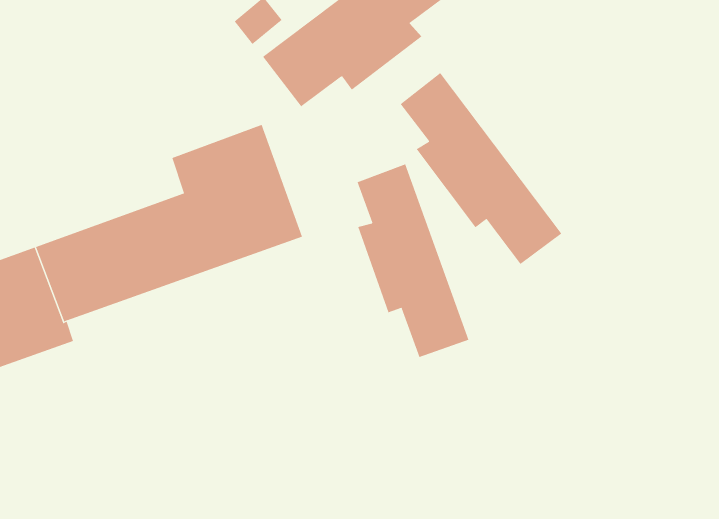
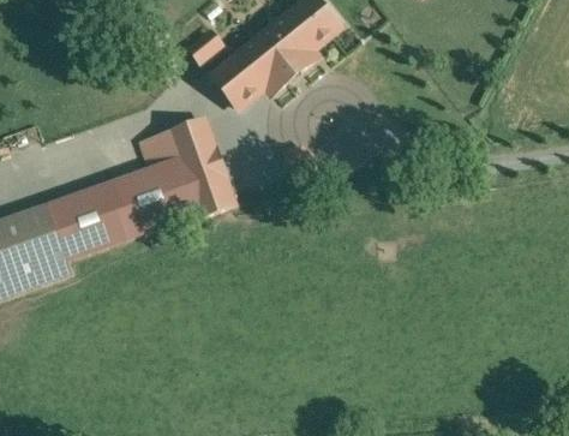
building: [400,72,562,265] -> none
building: [357,163,469,358] -> none

